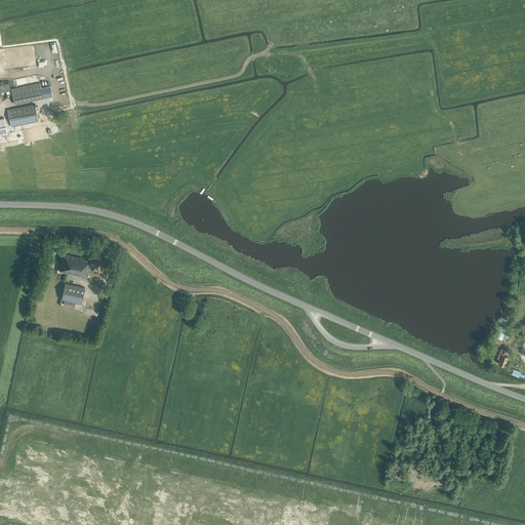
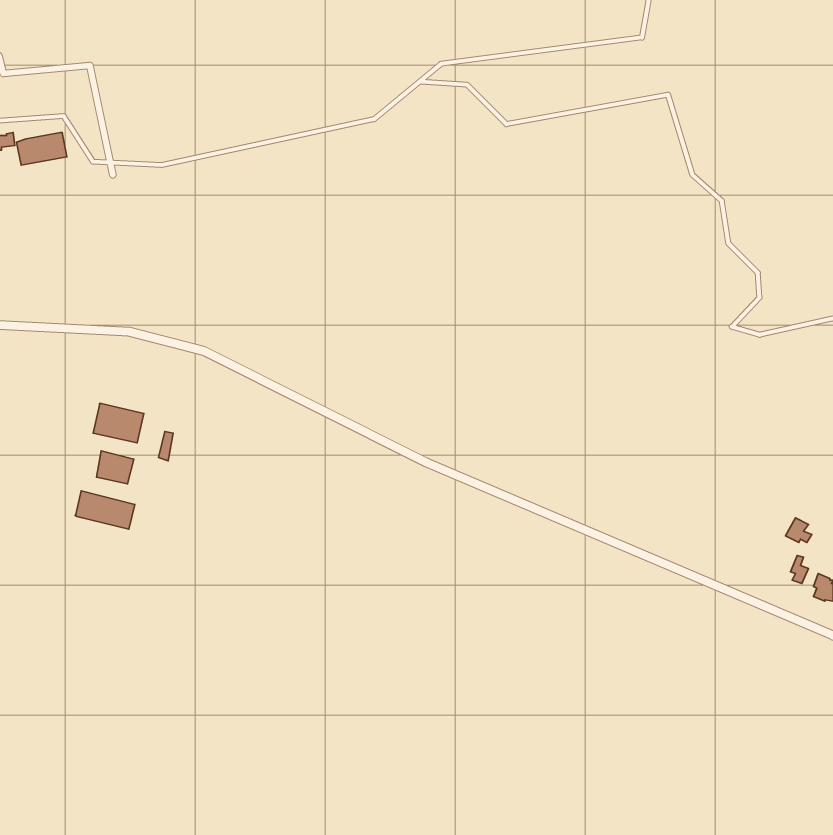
building: [6,104,37,126] -> none
building: none -> [75,491,135,529]

